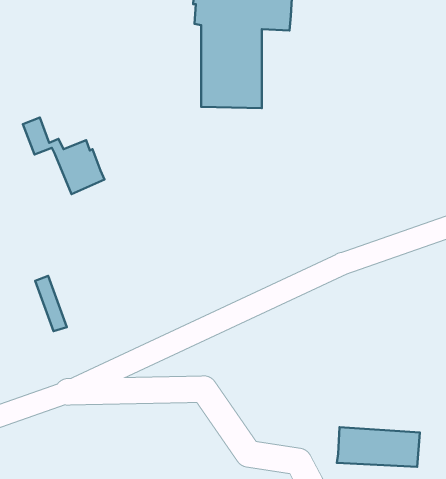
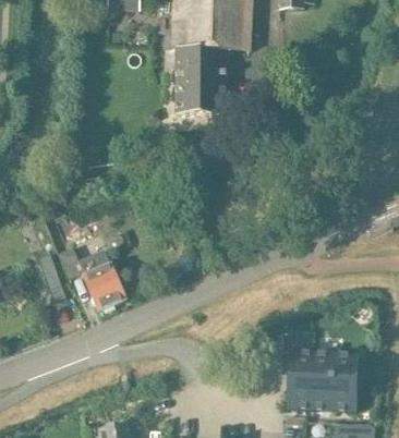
building: [23,118,104,194] -> [58,245,125,308]
building: none -> [290,349,358,381]

